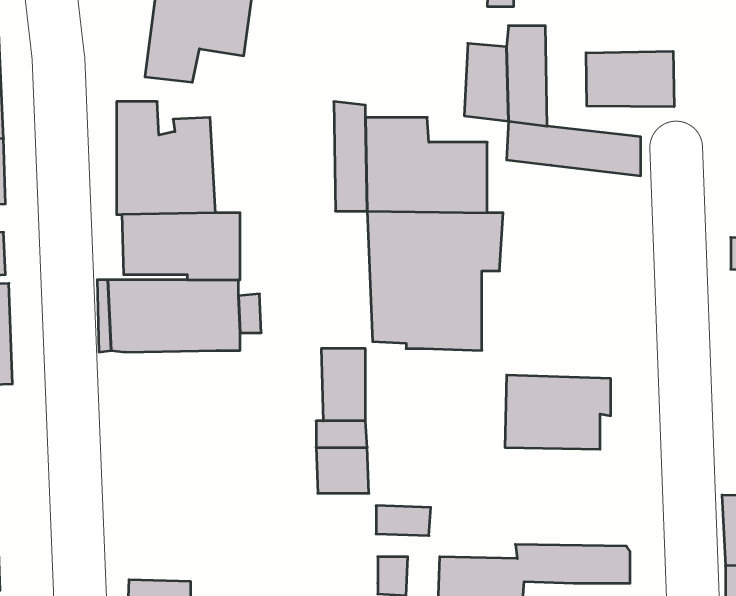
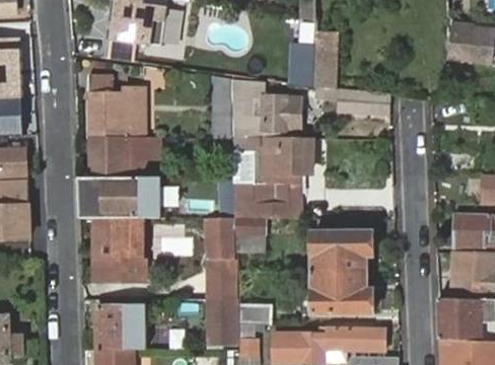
building: [586,51,674,107] -> none
building: none -> [235,215,266,251]
building: none -> [94,217,148,279]
building: none -> [312,273,372,313]
building: none -> [205,299,235,346]
building: none -> [95,307,132,350]

